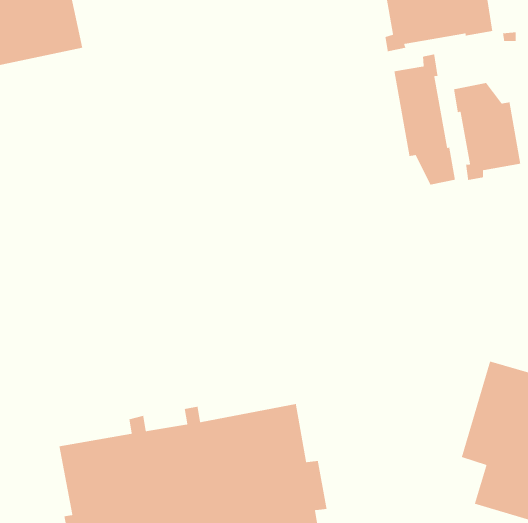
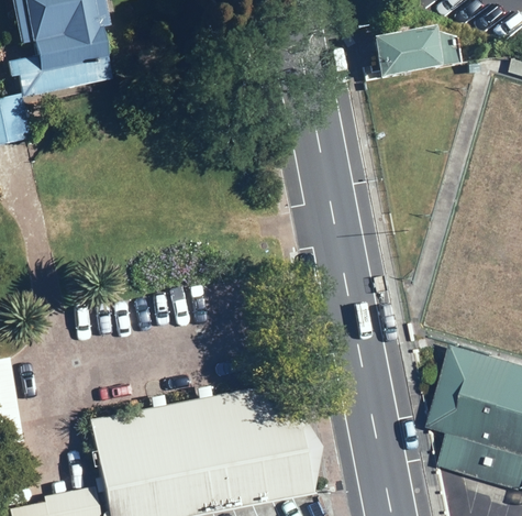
building: [394,54,456,185] -> none
building: [453,82,521,181] -> none

